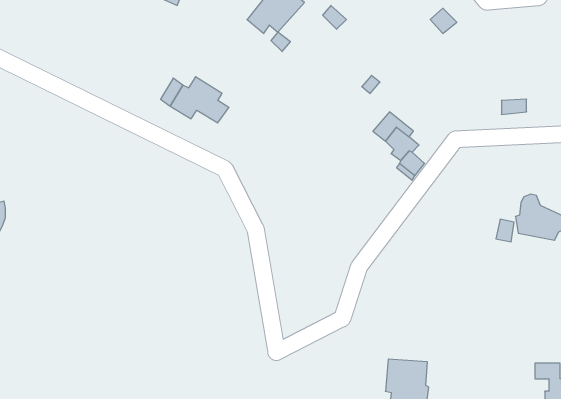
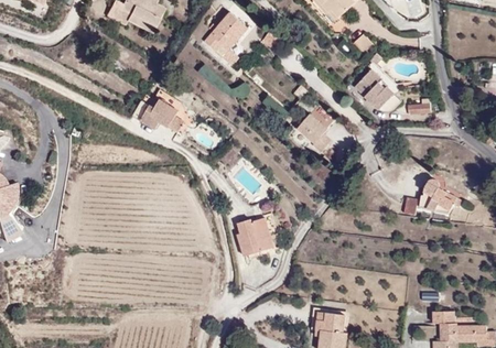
building: none -> [355,68,401,113]
building: none -> [235,217,273,260]

